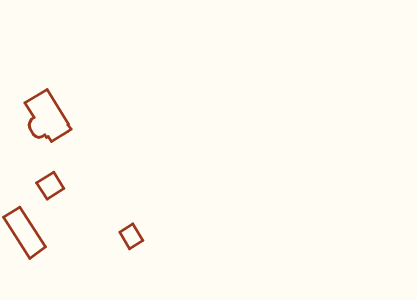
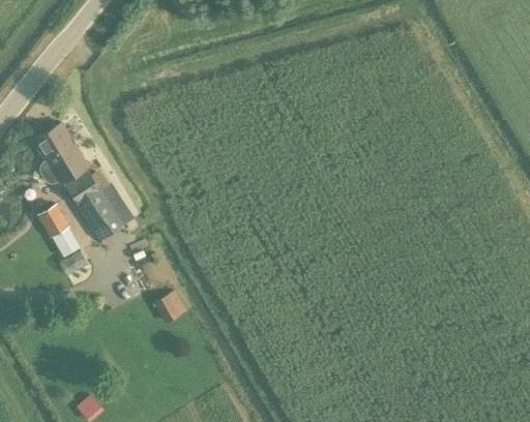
building: none -> [39,202,73,236]
building: [3,207,45,258] -> [69,176,122,240]

